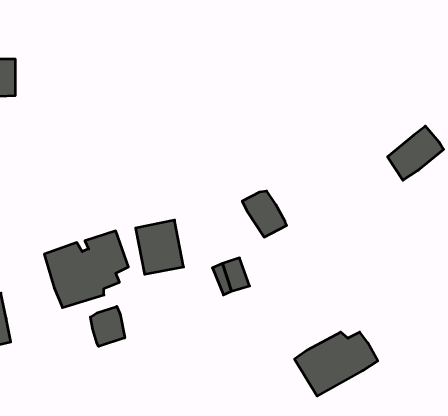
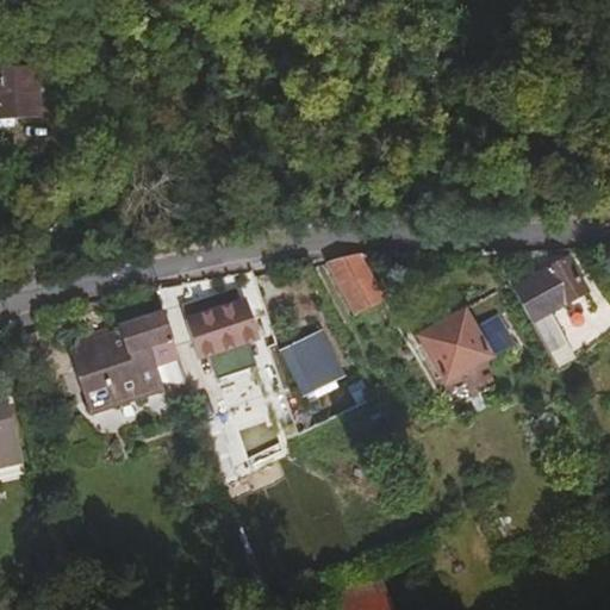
building: [388,126,444,180] -> [518,251,592,323]
building: [90,306,125,346] -> none
building: [295,332,378,396] -> [407,305,517,390]

